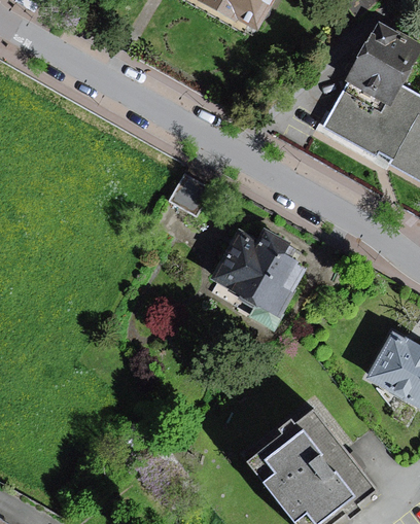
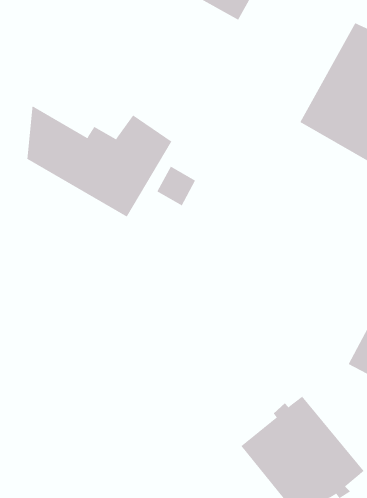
building: none -> [27,105,172,217]
building: [209,229,307,329] -> none

